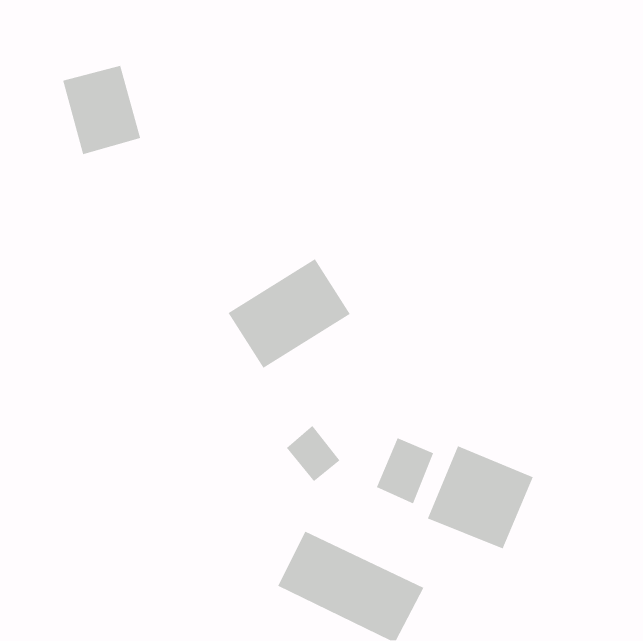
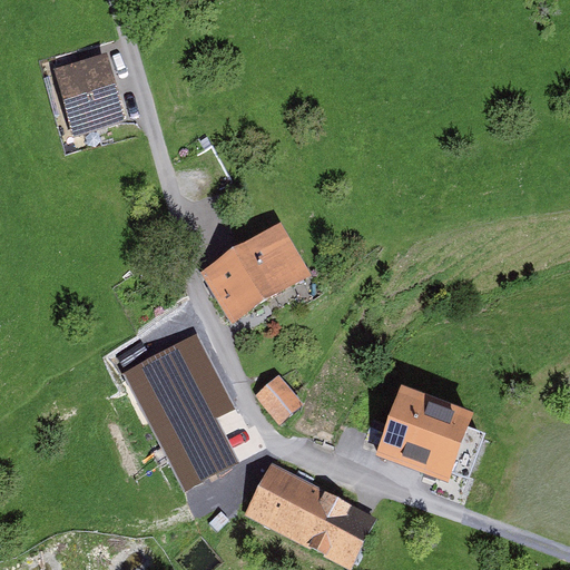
building: none -> [127,318,256,481]
building: [376,437,434,504] -> none

